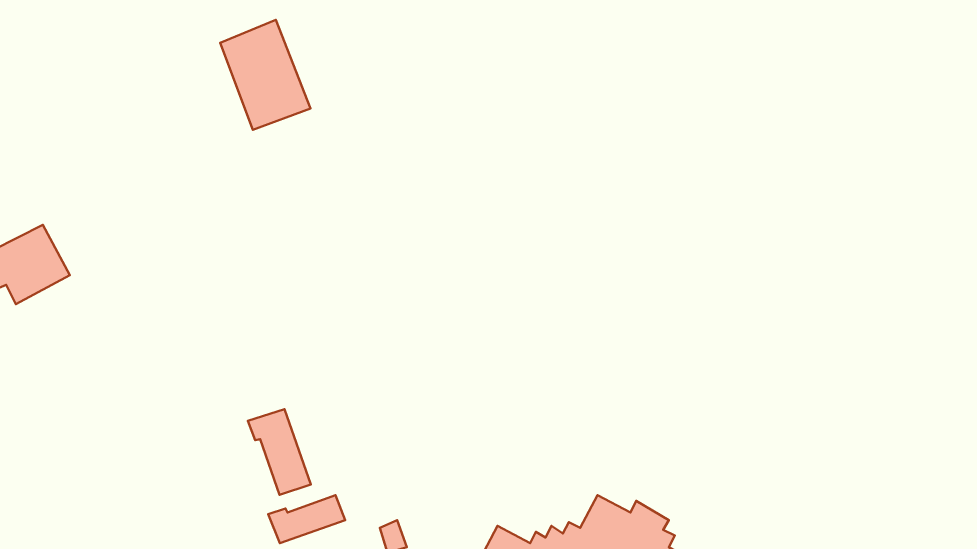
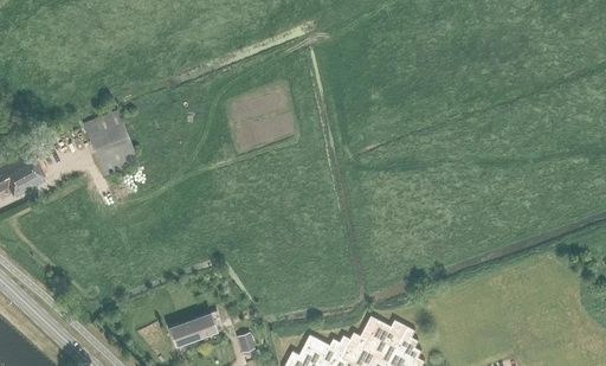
building: [220,20,311,130] -> [83,109,138,176]
building: [248,409,311,495] -> none

